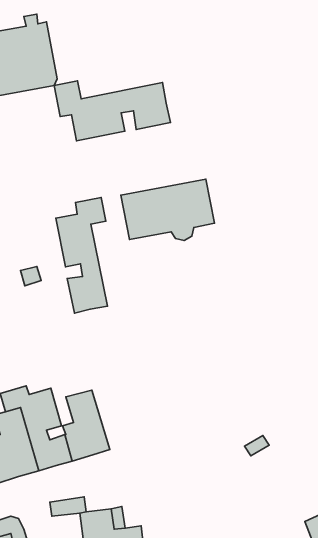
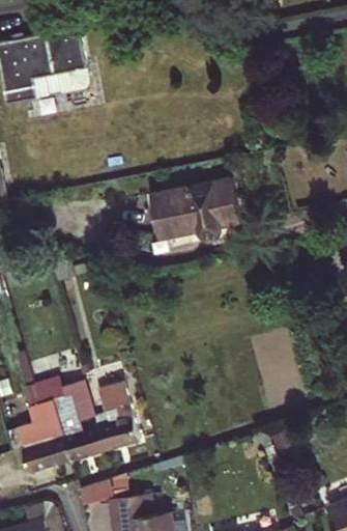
building: [54,81,170,141] -> none
building: [56,197,107,313] -> none

